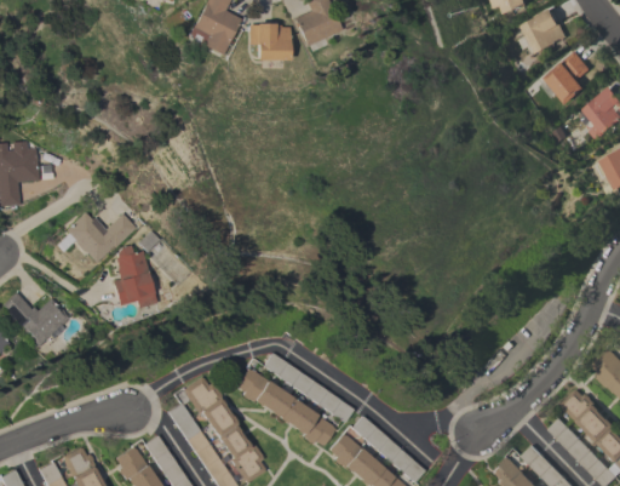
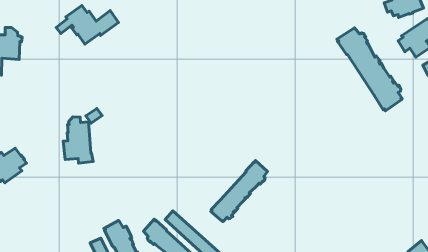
building: none -> [337,28,402,111]
building: [53,211,136,262] -> [56,6,119,44]
building: none -> [211,161,267,222]

